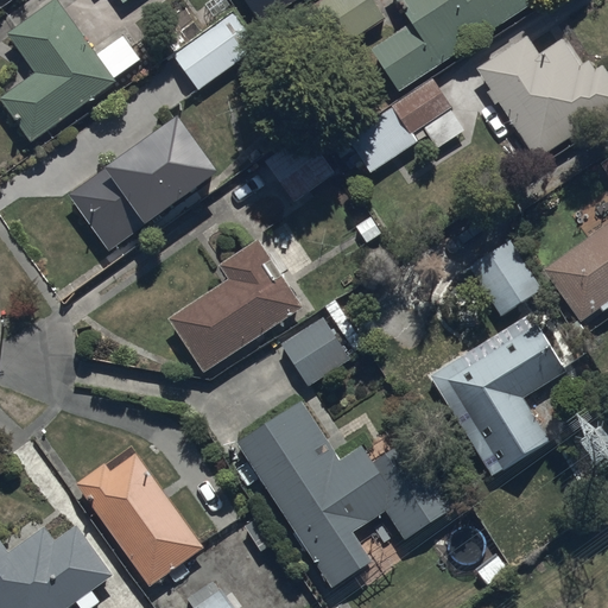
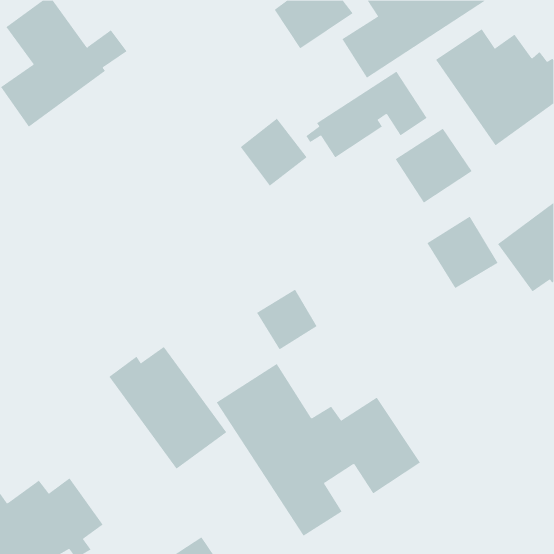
building: [172,14,259,90] -> none
building: [70,109,222,251] -> none
building: none -> [395,128,473,203]
building: [166,238,303,374] -> none
building: [426,314,569,480] -> none
building: [75,452,204,587] -> [108,346,227,469]

